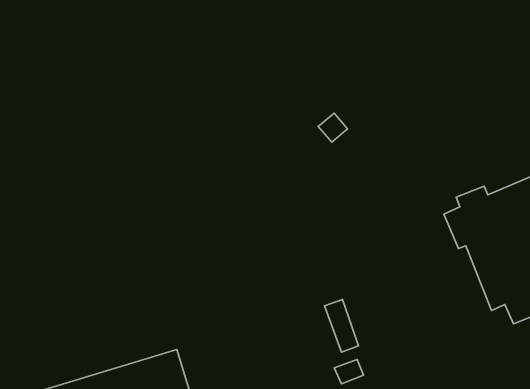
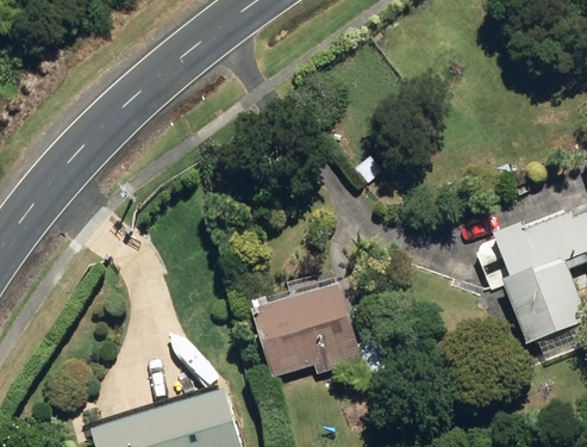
building: none -> [252,286,363,378]

